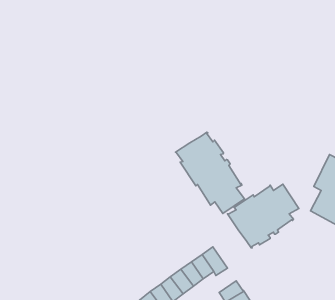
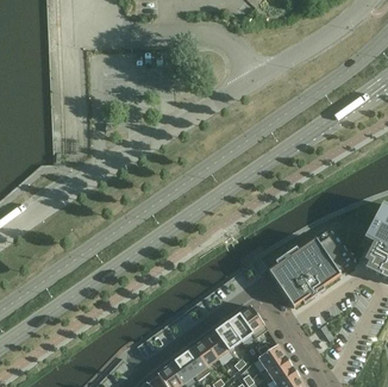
building: [175,132,244,214] -> none

